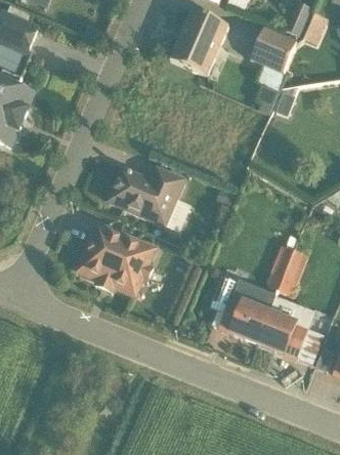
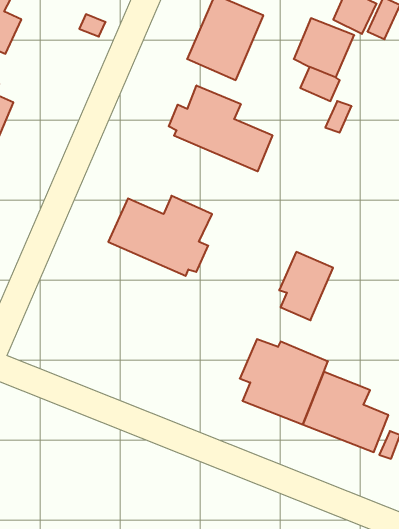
building: none -> [169,85,272,171]
building: [78,223,158,296] -> none
building: [266,243,308,296] -> [279,252,333,320]

